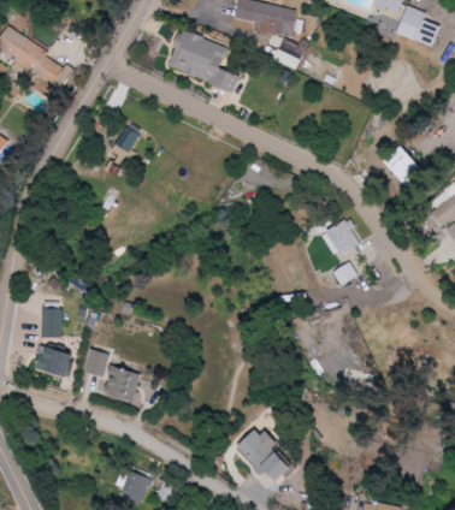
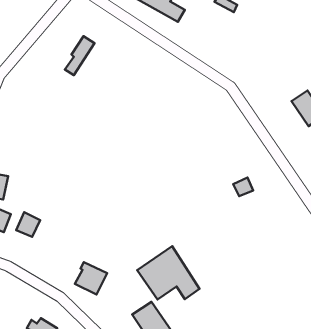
building: [319,218,360,257] -> none
building: none -> [137,246,200,299]
building: [104,364,140,401] -> [75,262,107,295]

